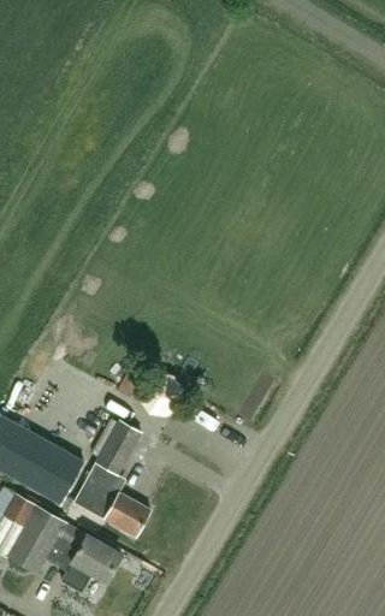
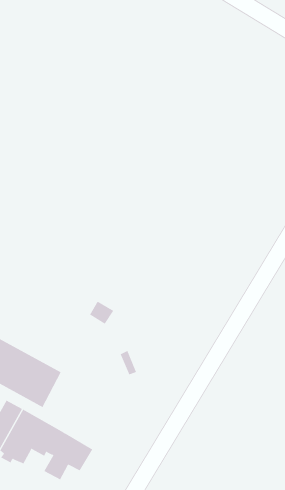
building: [95,421,140,475] -> none
building: [75,475,150,535] -> none

